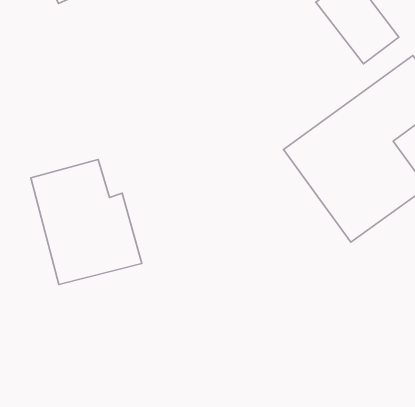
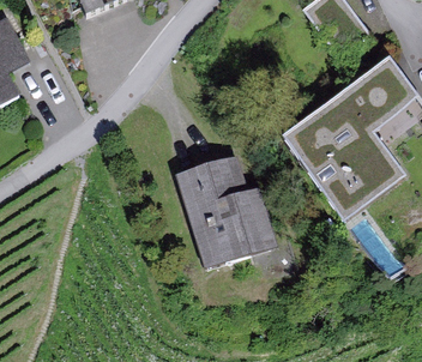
building: [31,159,142,285] -> [176,157,271,264]

